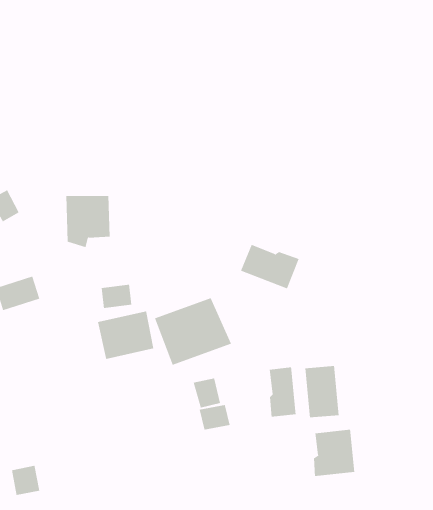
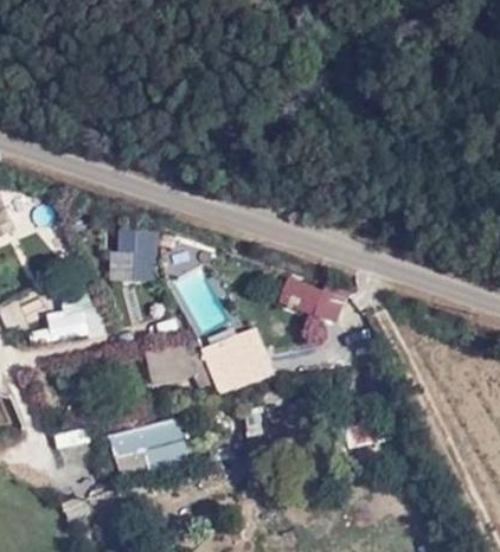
building: [269,366,296,418] -> none
building: none -> [105,418,188,482]
building: [313,429,355,477] -> none

